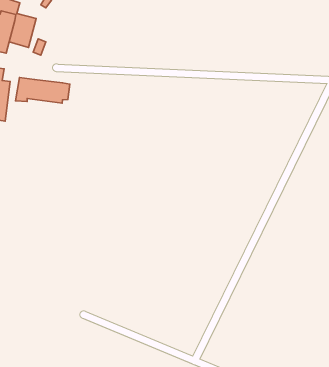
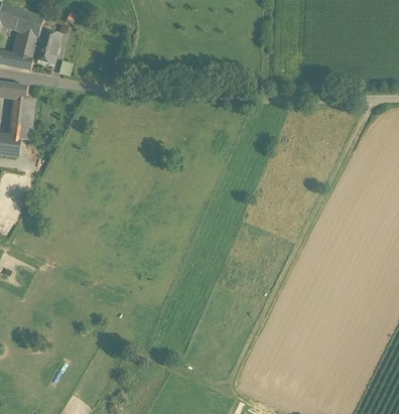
building: [15,78,70,103] -> none

